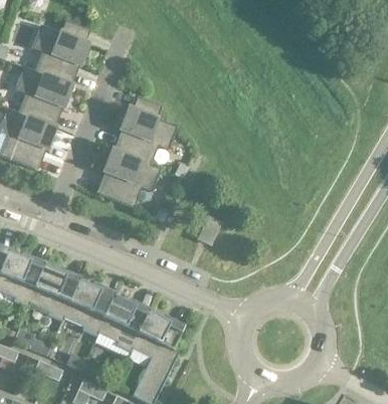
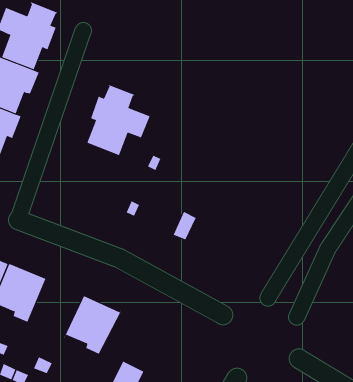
building: [99,148,160,206] -> none
building: [61,276,115,335] -> none
building: [129,309,184,366] -> none

